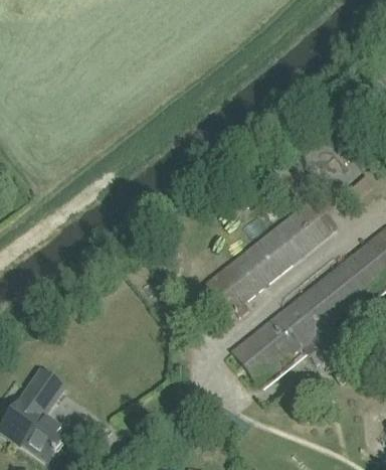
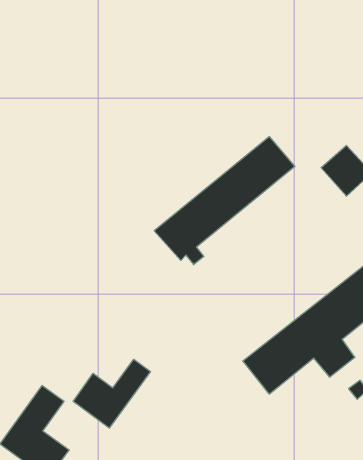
building: [202,194,336,316] -> [154,137,295,265]
building: none -> [73,359,150,428]

